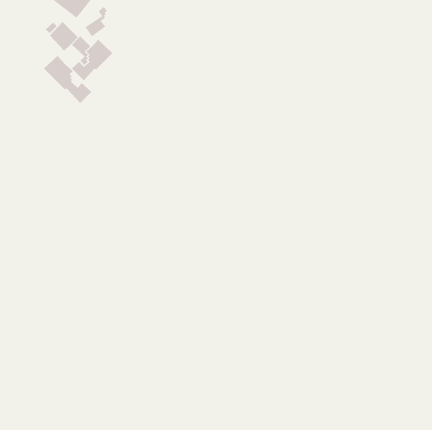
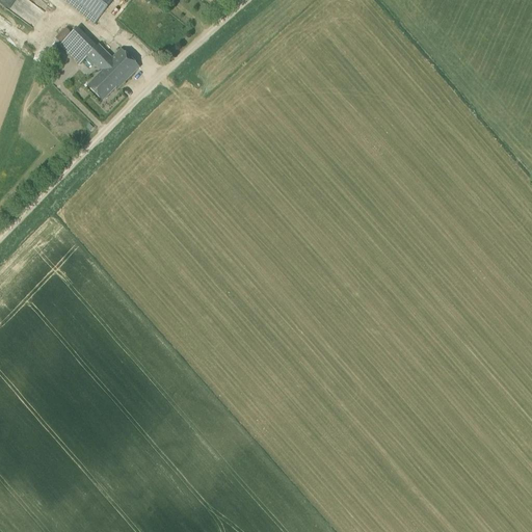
building: [85,6,108,37] -> none
building: [43,55,92,104] -> none

